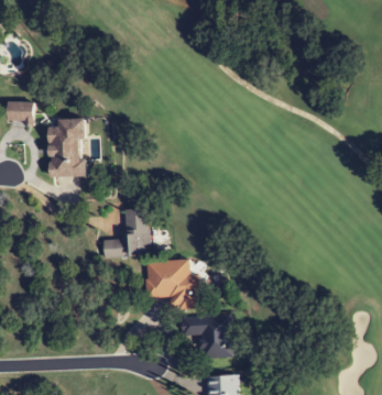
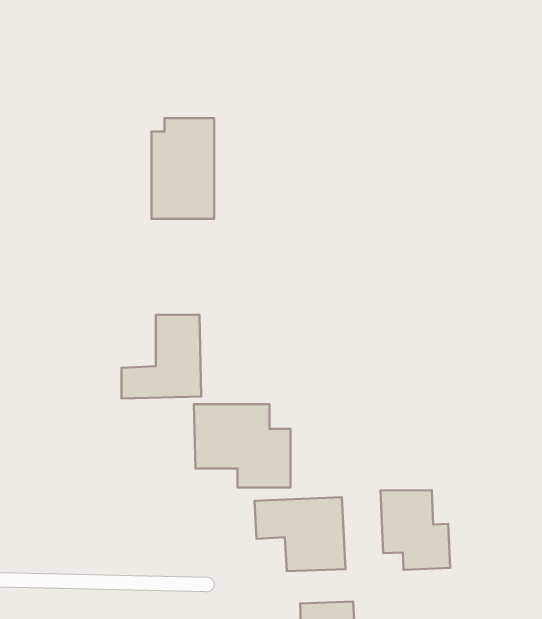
building: [50,118,86,176] -> [151,118,214,219]
building: none -> [381,490,450,570]

